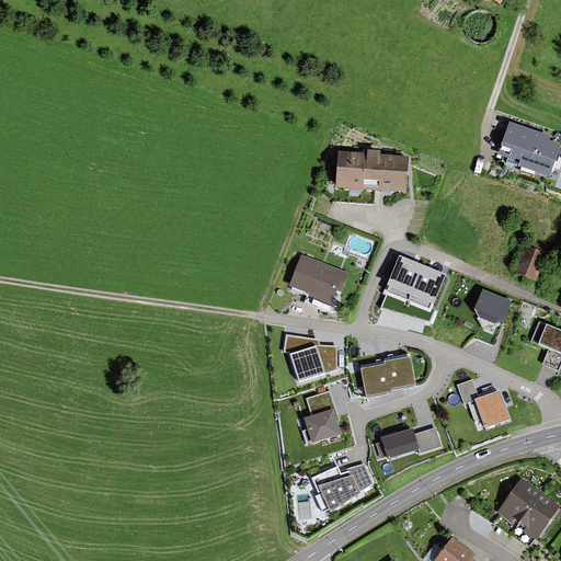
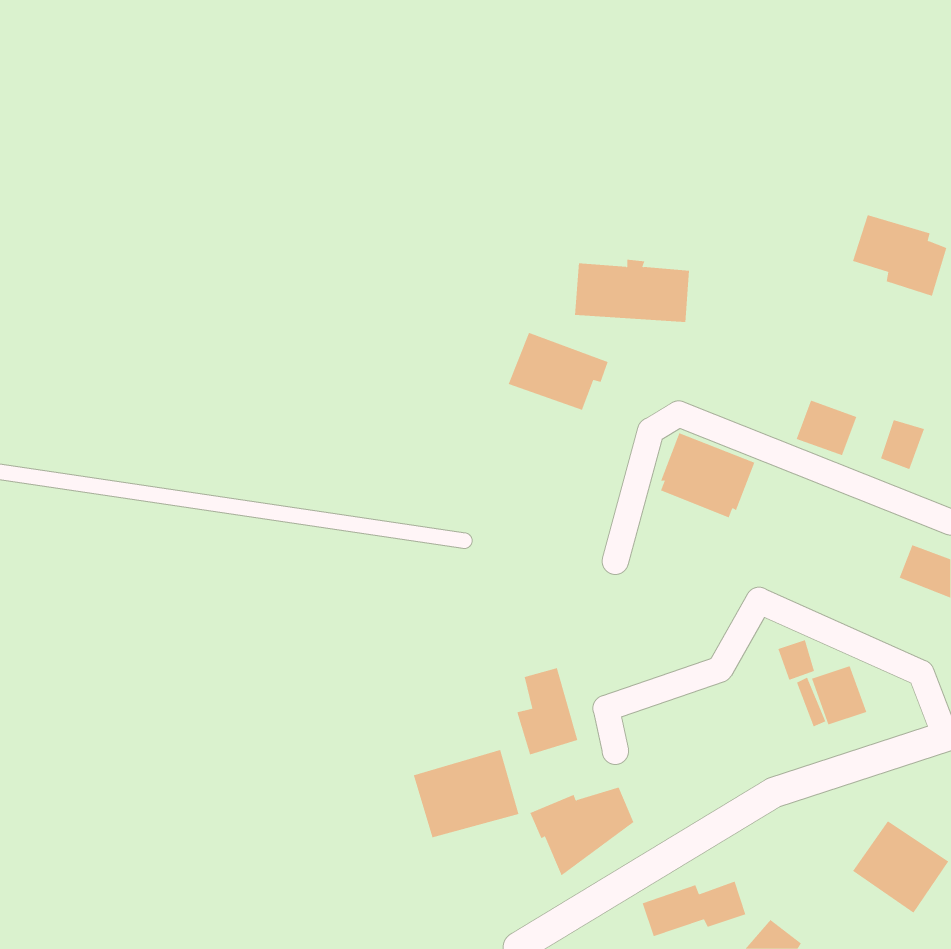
building: [288,257,347,304] -> [508,332,609,410]
building: [474,289,511,322] -> [796,400,857,456]
building: [285,335,335,381] -> none
building: [363,358,413,396] -> none
building: [380,425,442,458] -> [642,881,746,937]
building: none -> [413,749,519,838]

